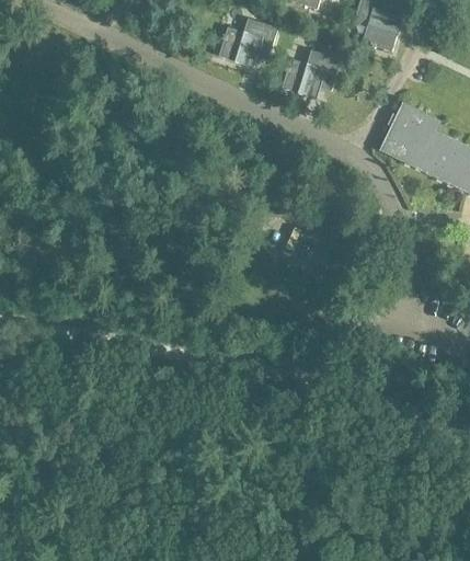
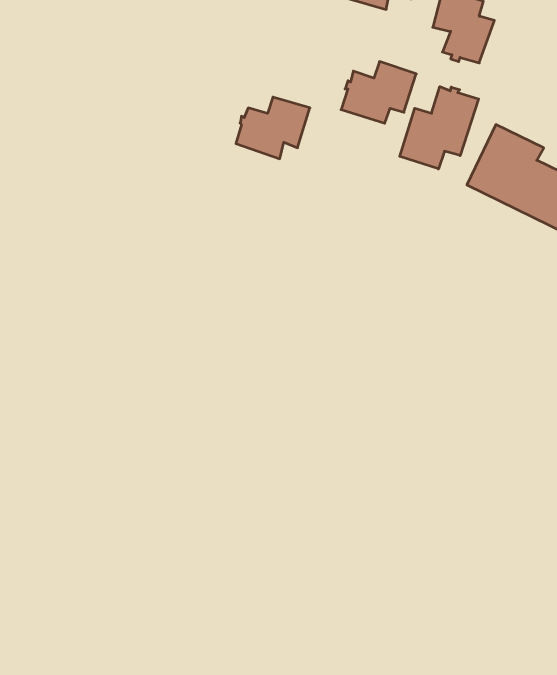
building: [219,19,278,68] -> [236,97,310,159]
building: none -> [400,87,479,169]

